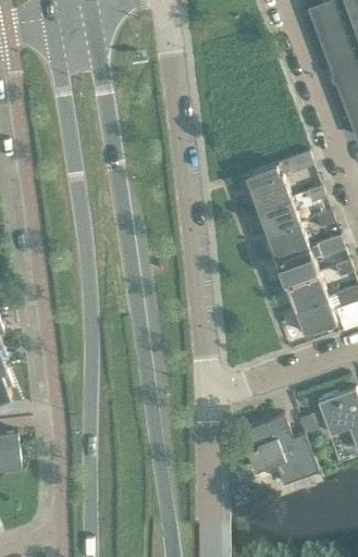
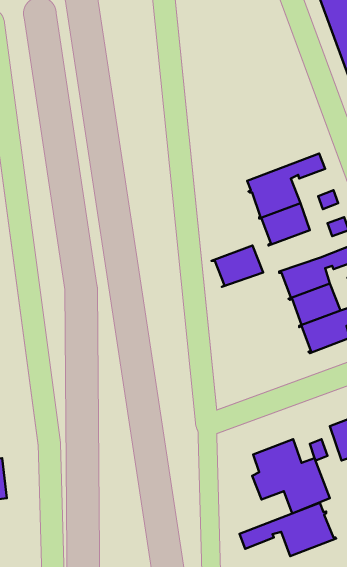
building: [261,223,309,261] -> [211,245,263,287]
building: none -> [240,503,336,556]

